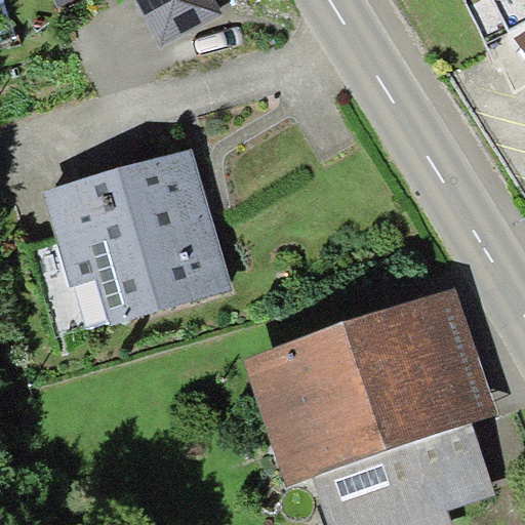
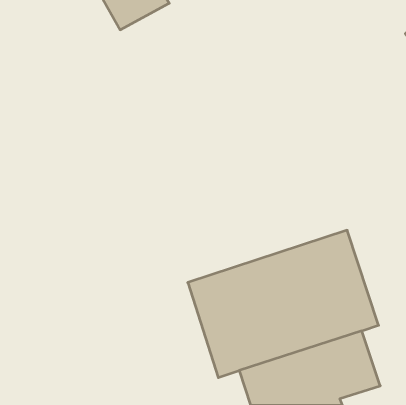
building: [50,154,229,314] -> none

